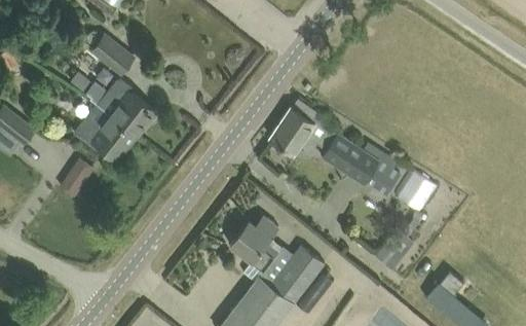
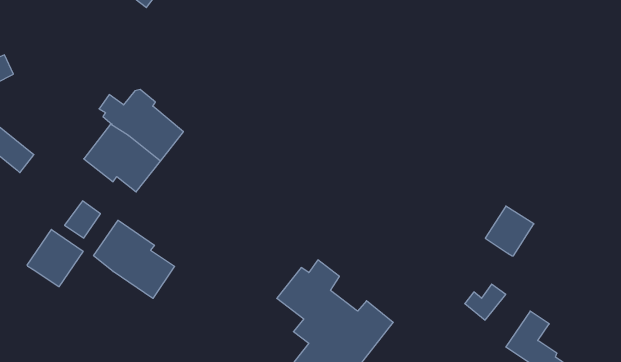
building: [91,36,134,75] -> none
building: [270,101,400,195] -> none
building: none -> [94,220,175,298]
building: none -> [27,229,83,287]

